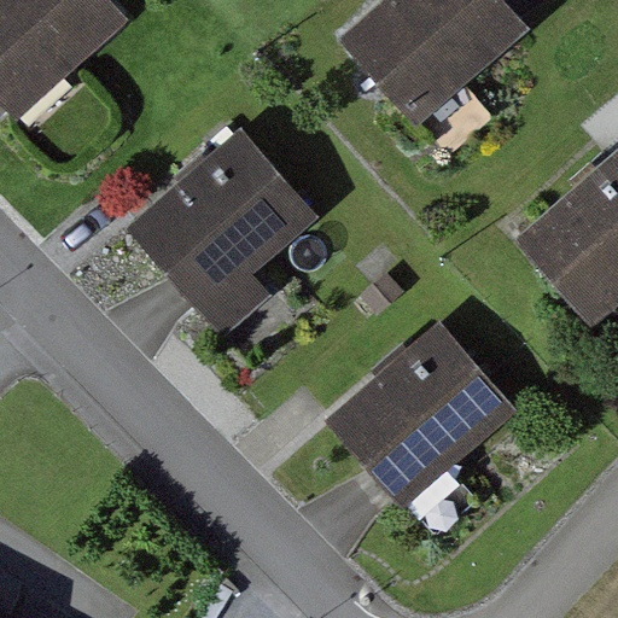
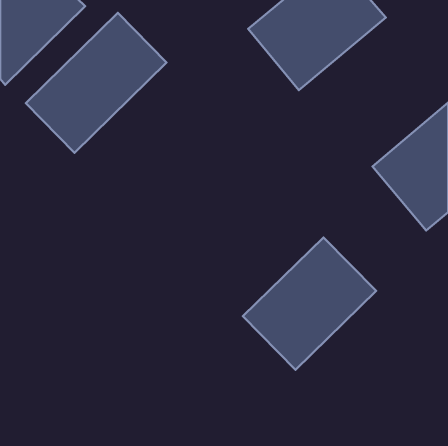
building: none -> [26,13,166,153]
building: [129,136,314,339] -> none

